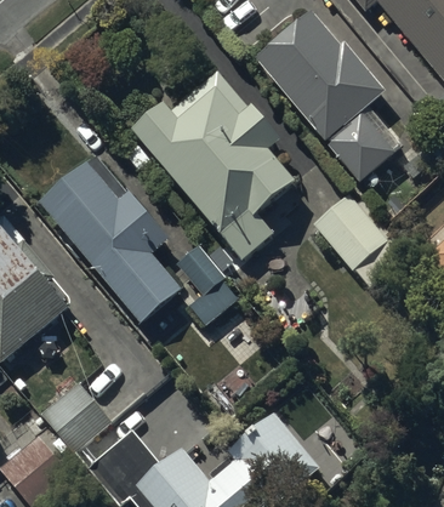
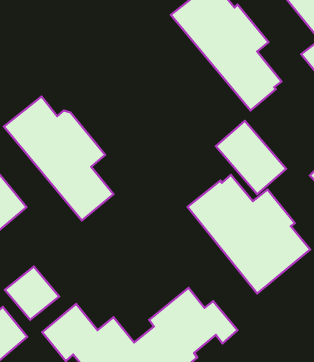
building: [133,72,295,260] -> none
building: [176,244,240,323] -> none
building: none -> [187,175,310,293]

